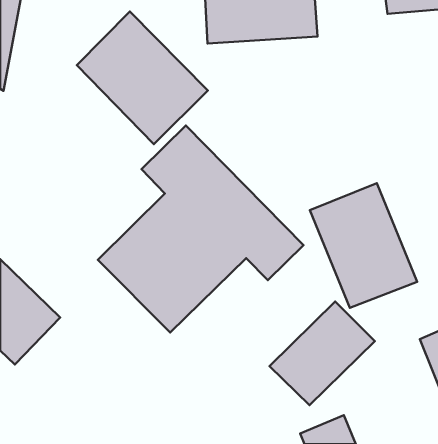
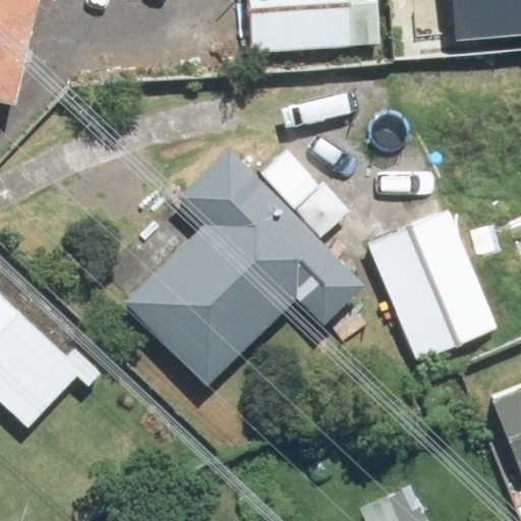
building: [77,11,208,144] -> none
building: [270,301,375,405] -> none

